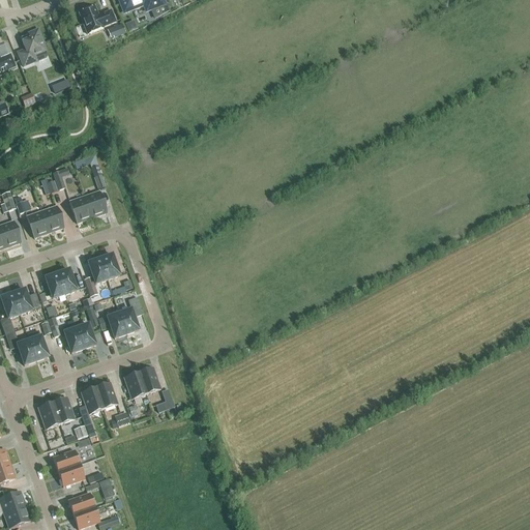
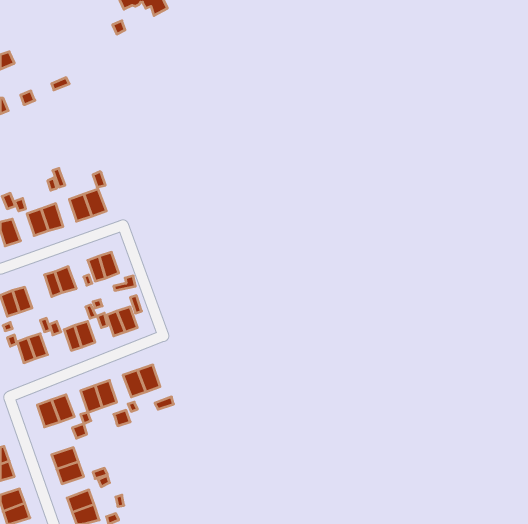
building: [79,4,115,31] -> none
building: [17,26,47,64] -> none

